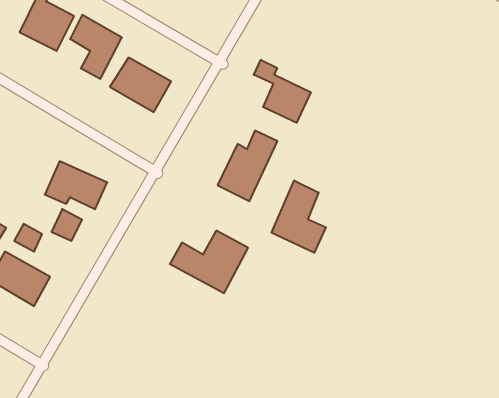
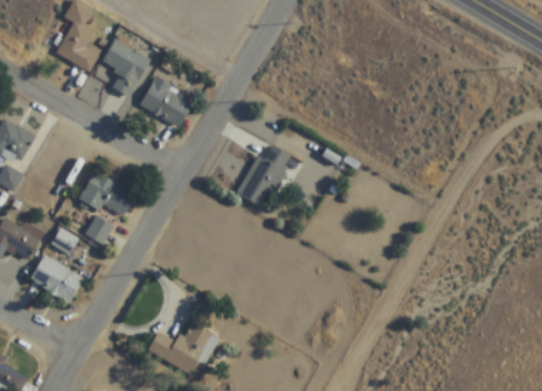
building: [254,60,311,123] -> none
building: [272,180,326,253] -> none
building: [170,231,248,293] -> [147,318,218,375]

